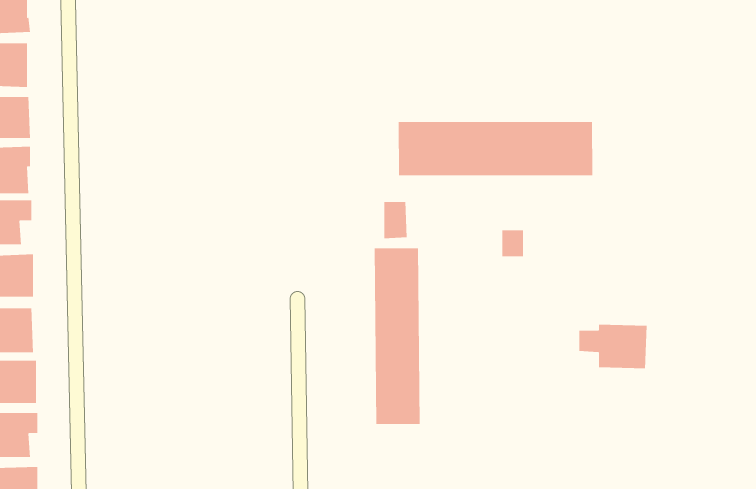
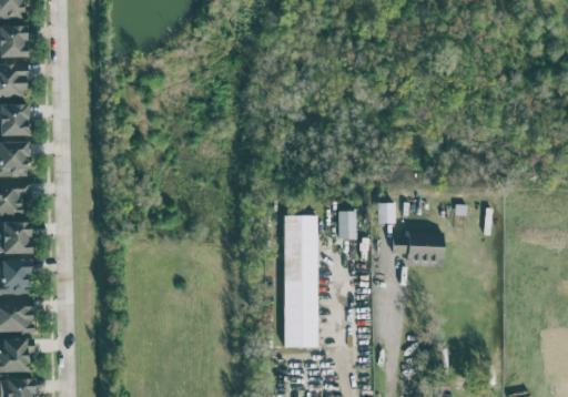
building: [398,121,593,176] -> none
building: [384,202,408,239] -> [338,211,356,238]
building: [579,324,647,369] -> [393,233,444,266]

